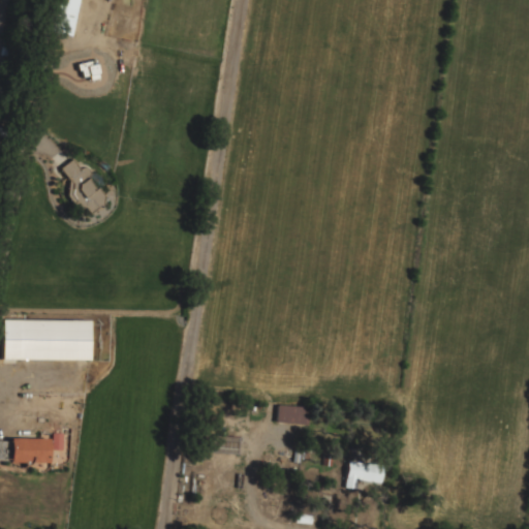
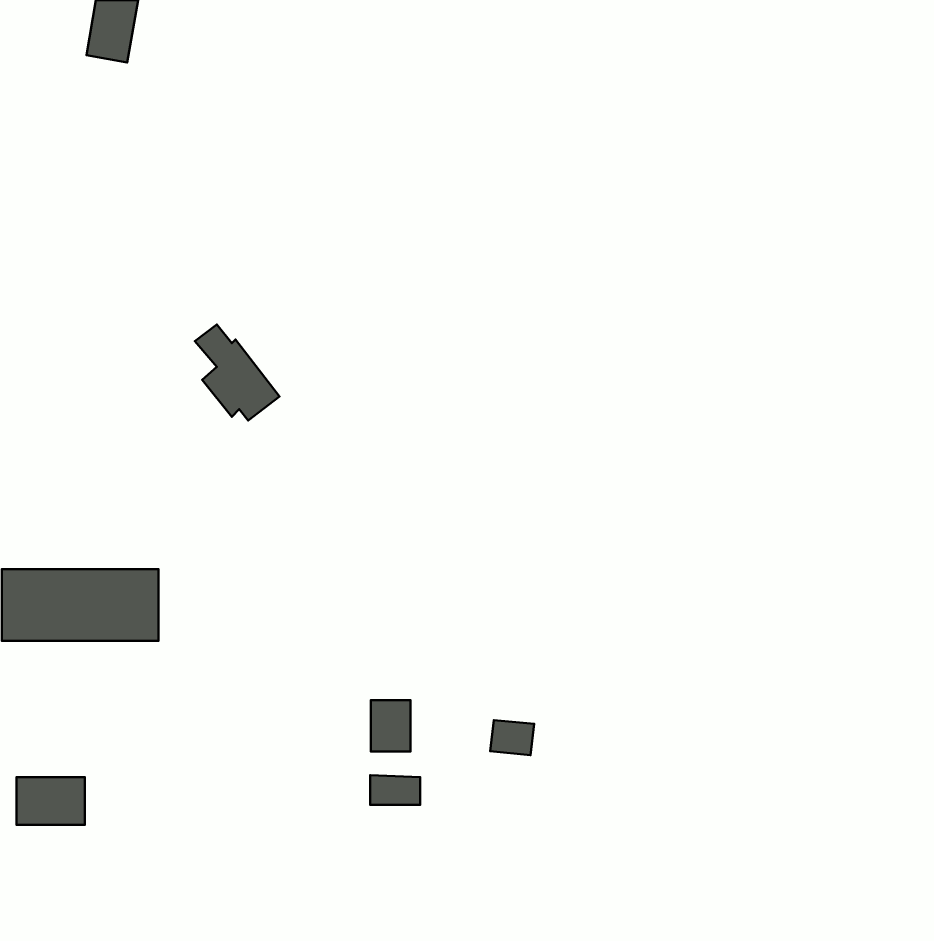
building: [63,159,111,213] -> [195,325,280,420]
building: none -> [371,700,410,751]
building: [349,461,385,488] -> none

